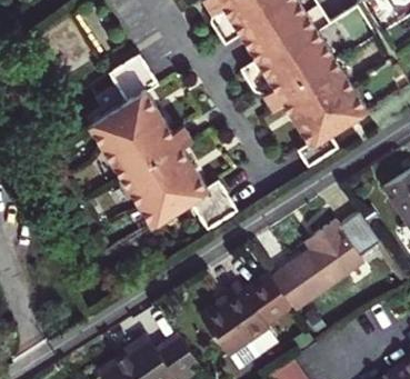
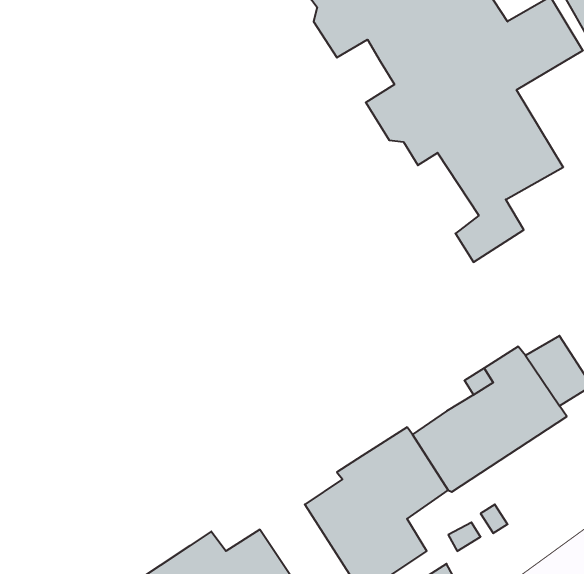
building: [93,53,237,231] -> none

